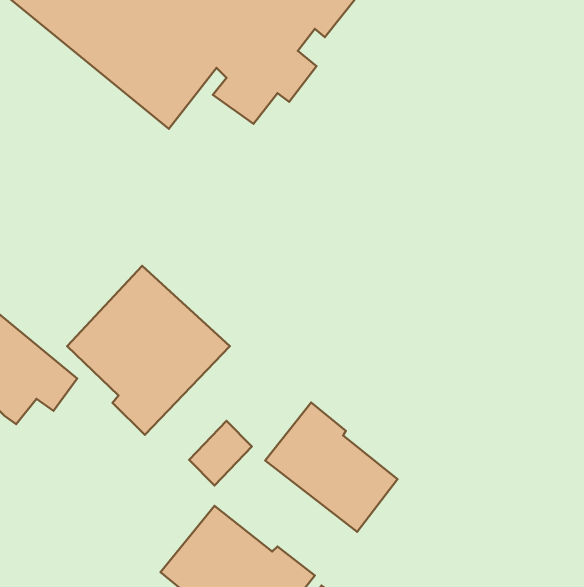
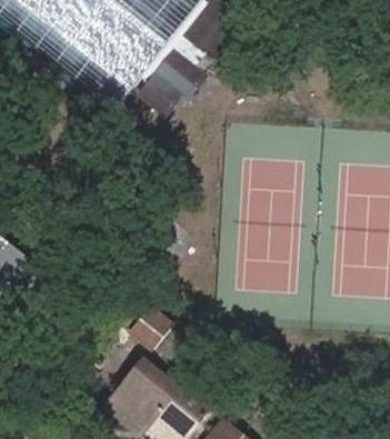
building: [67,266,230,435] -> none
building: [265,403,398,532] -> none

